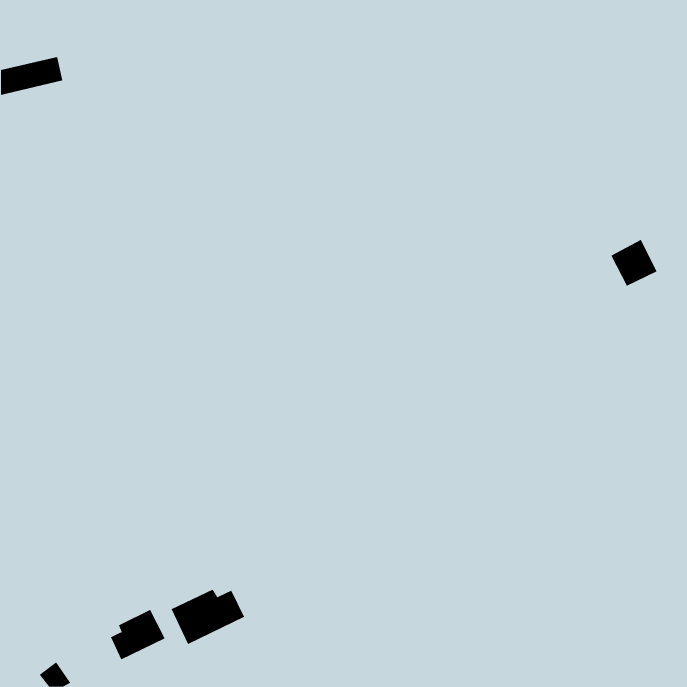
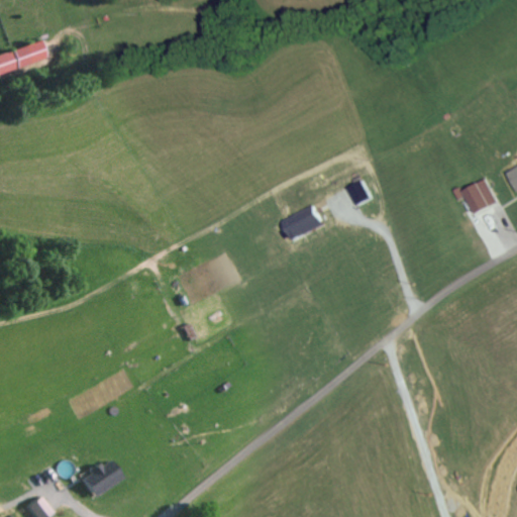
building: none -> [277,206,320,241]
building: [171,589,245,645] -> none

